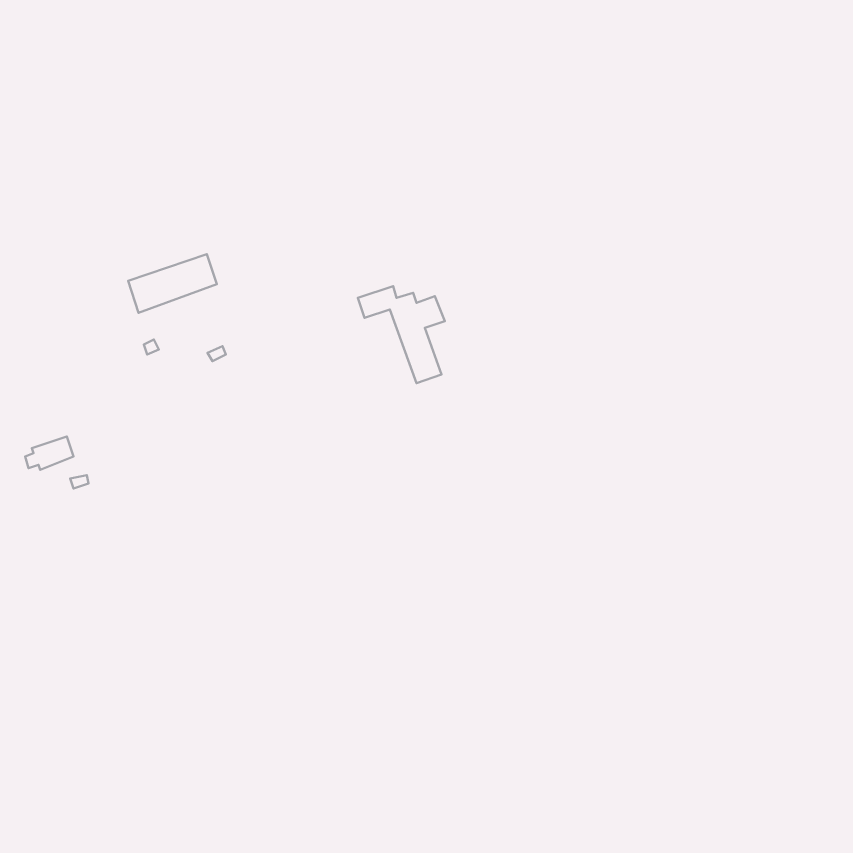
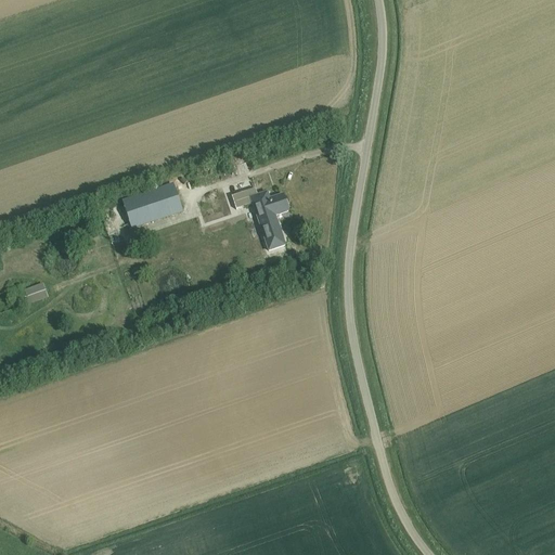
building: [128,254,217,313] -> [124,186,181,224]

